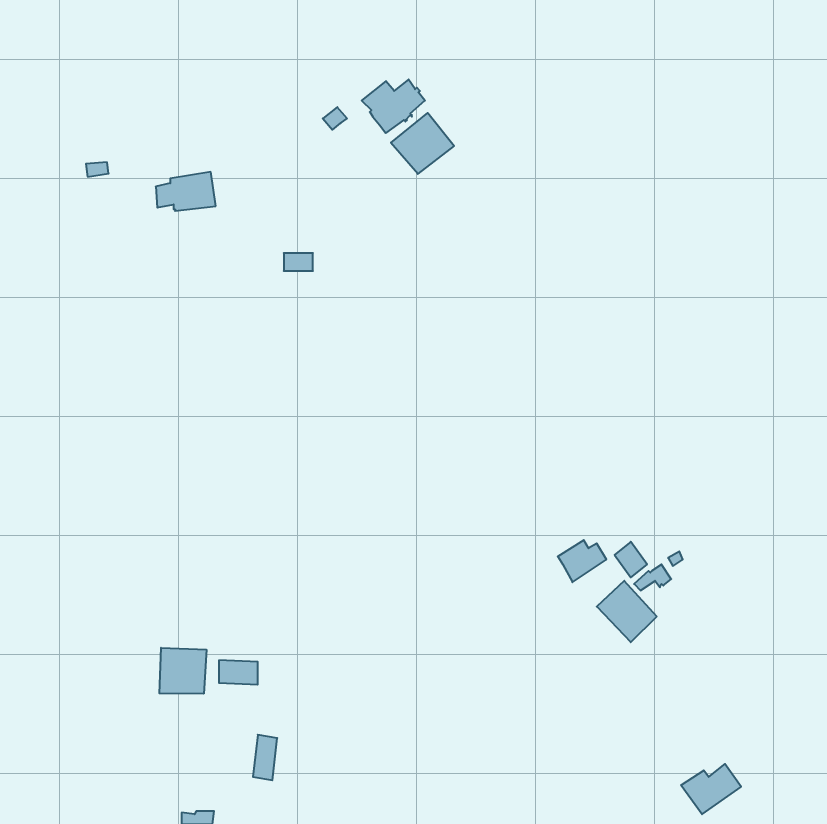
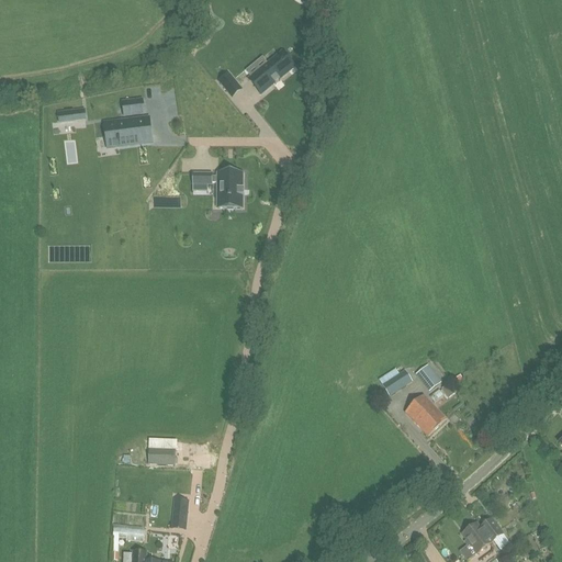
building: [391,113,454,174] -> none
building: none -> [216,170,241,206]
building: [159,648,206,694] -> none

